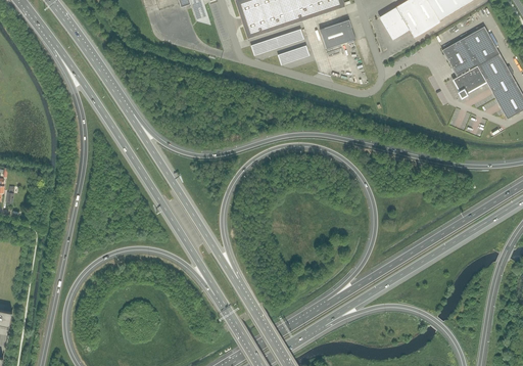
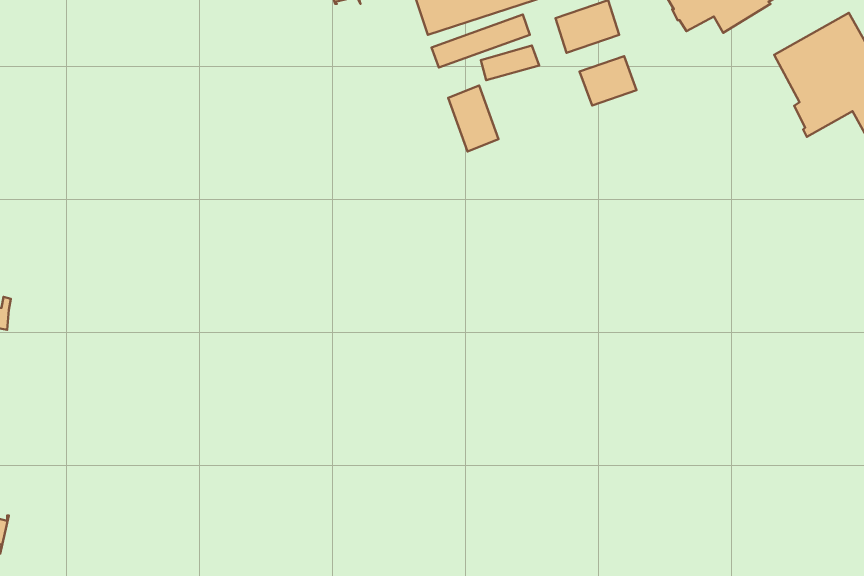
building: none -> [580,56,637,105]
building: none -> [448,86,499,152]

